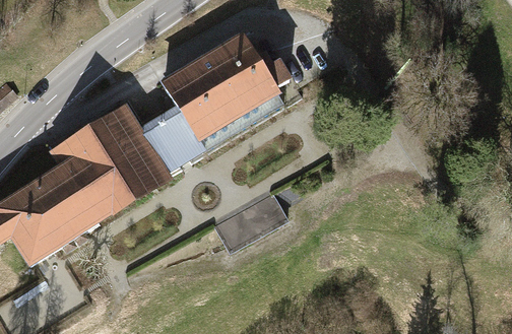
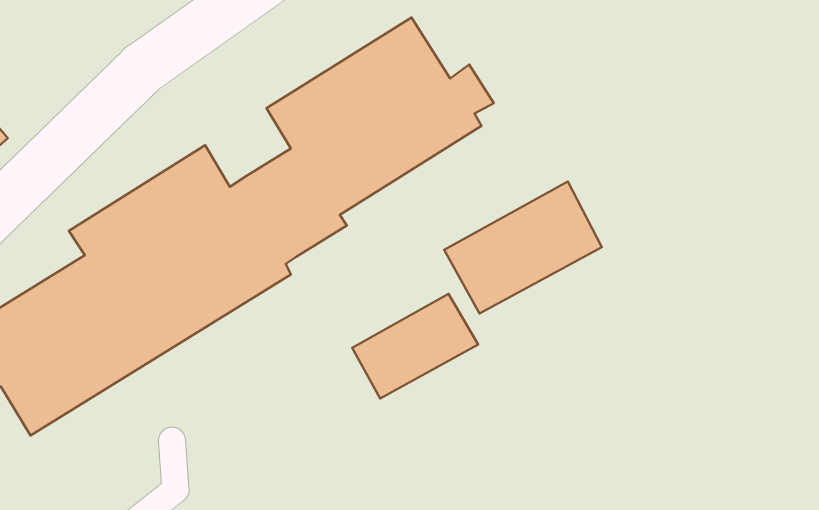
building: none -> [444,182,602,314]

